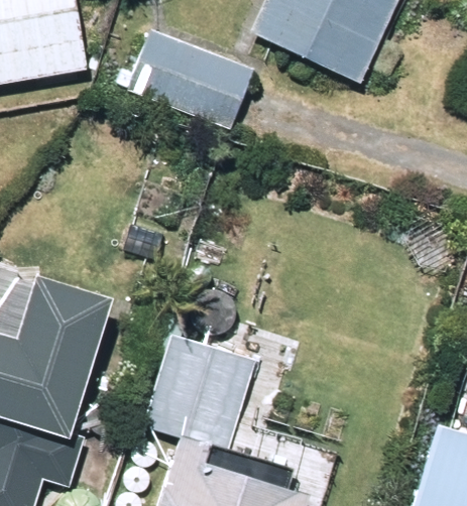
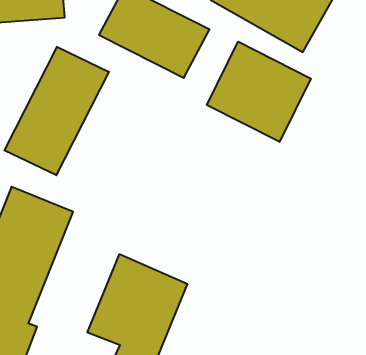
building: none -> [207,42,311,142]
building: none -> [4,47,109,175]

